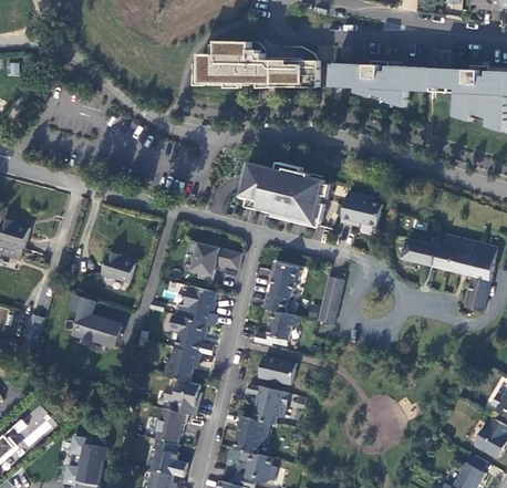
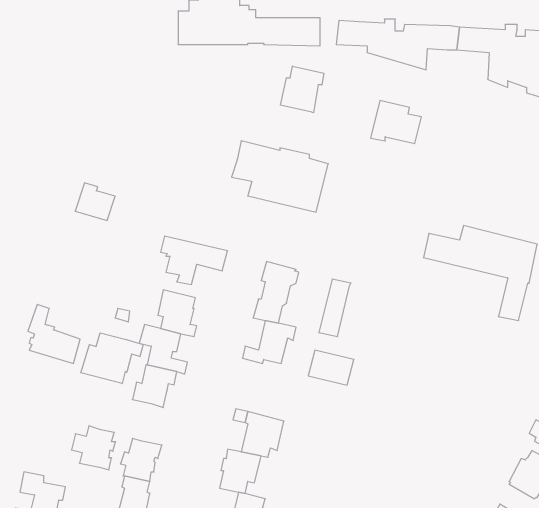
building: none -> [281,66,324,113]
building: [340,191,382,227] -> [371,101,421,144]
building: [101,251,134,282] -> [75,183,115,220]
building: none -> [81,333,143,384]
building: [258,356,296,385] -> [308,350,354,385]
building: [164,380,200,416] -> [71,426,116,470]

